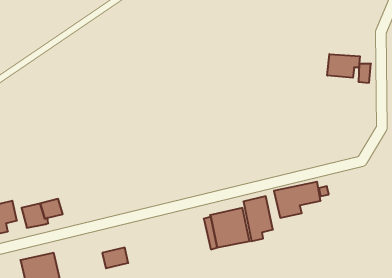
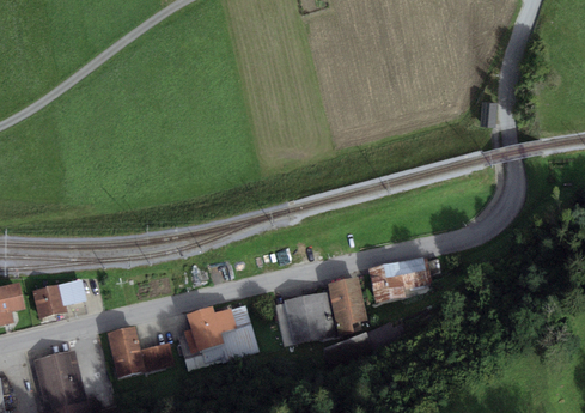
building: [327,54,360,78] -> none
building: none -> [184,304,258,368]
building: none -> [106,327,144,376]

